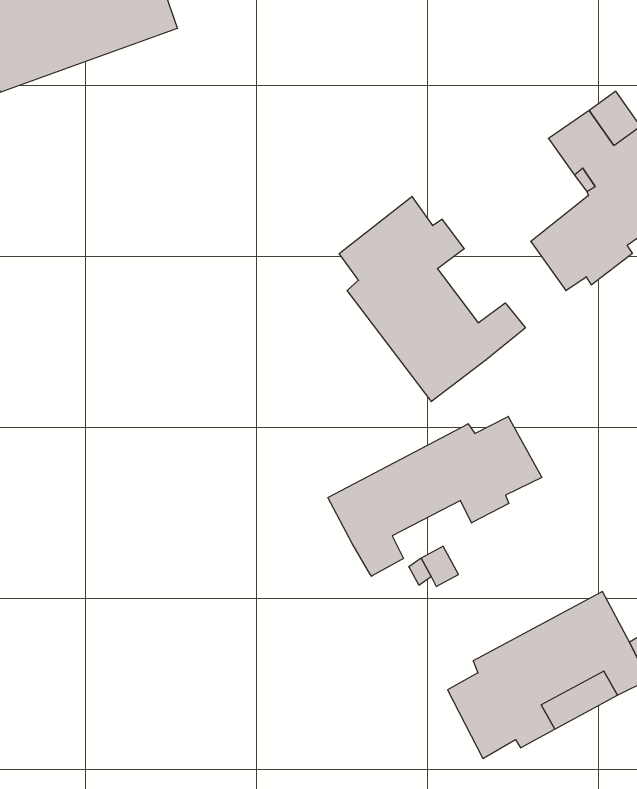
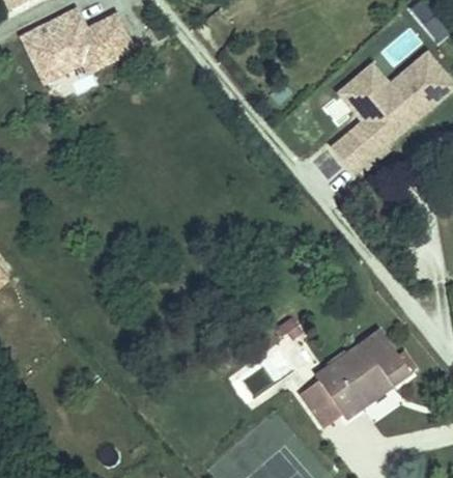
building: [339,196,525,402] -> none
building: [328,416,542,576] -> none

